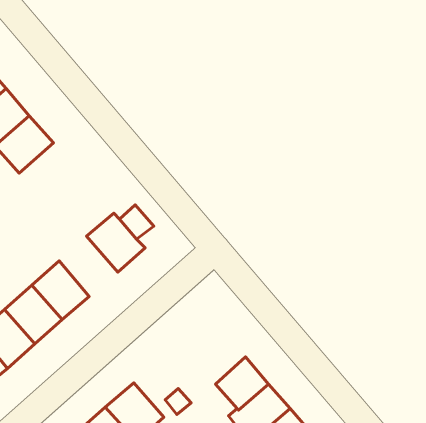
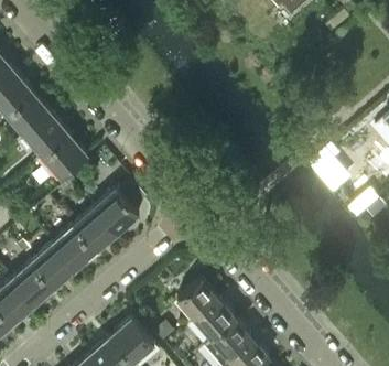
building: none -> [42,134,86,179]
building: none -> [73,206,118,252]
building: none -> [175,279,216,320]

